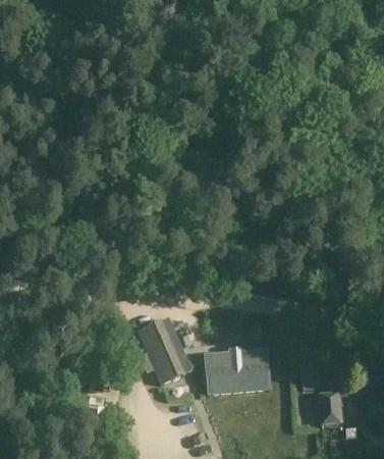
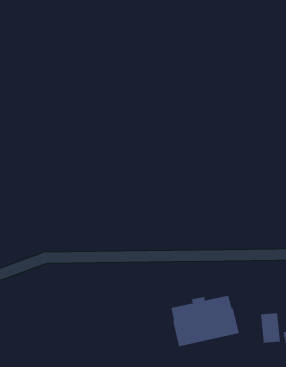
building: [139,319,188,384] -> none

